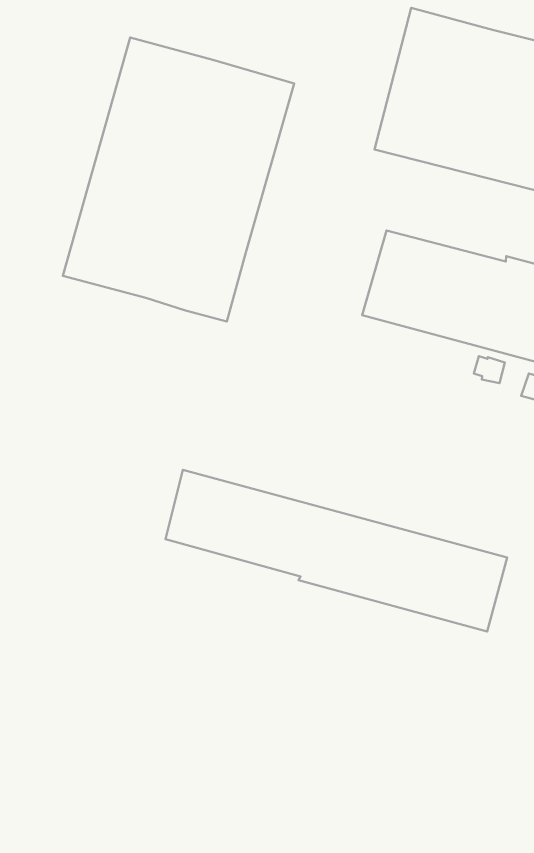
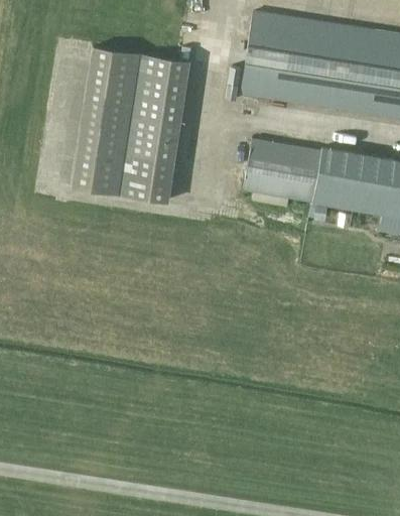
building: [165,470,507,632] -> none

